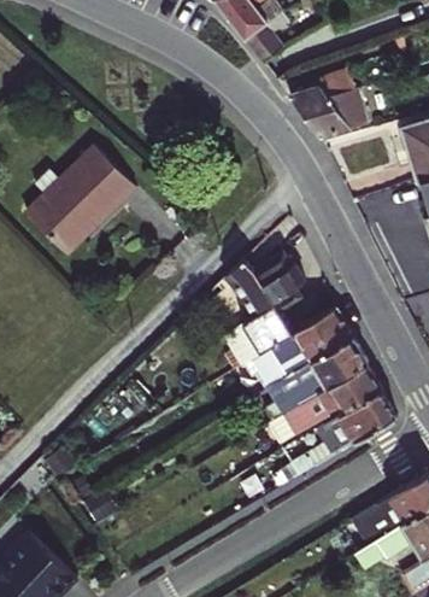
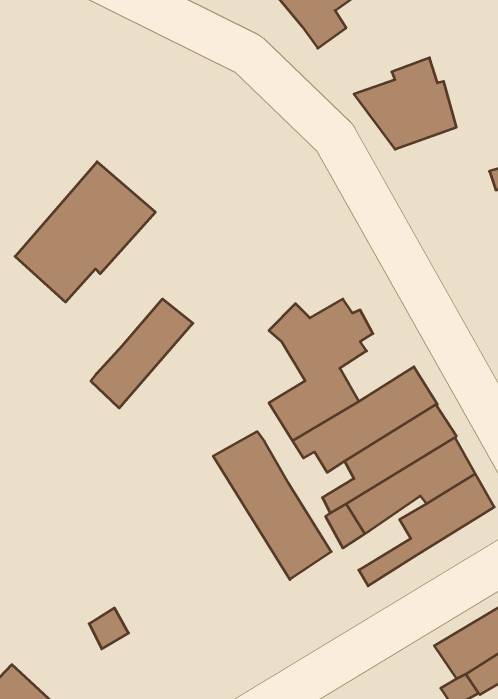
building: none -> [91,299,193,408]
building: none -> [213,432,331,580]

